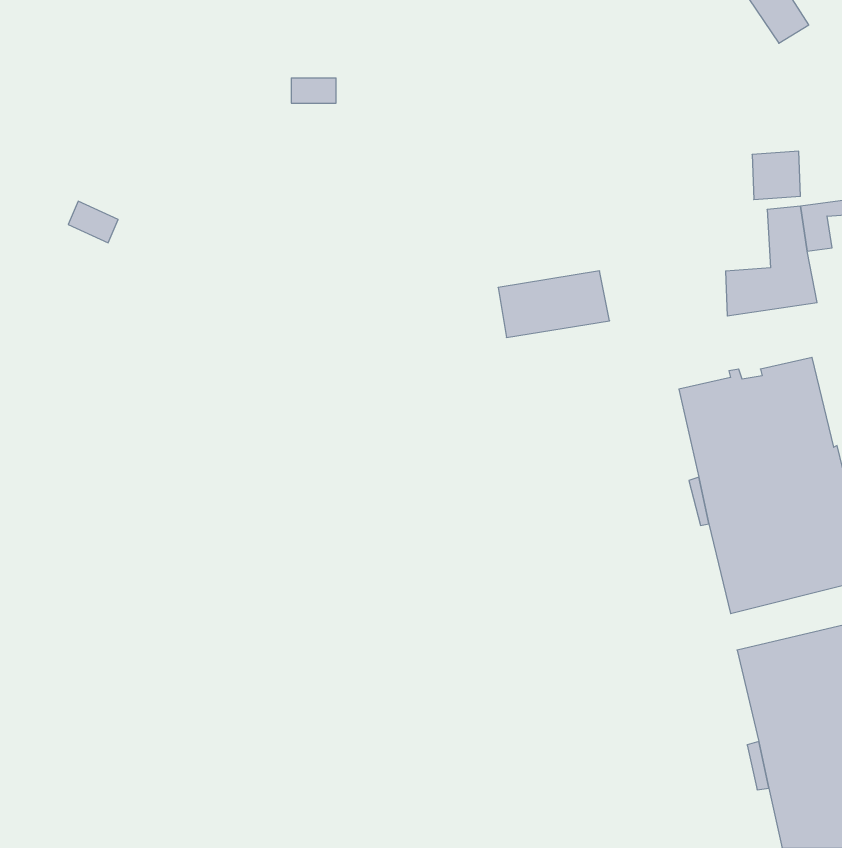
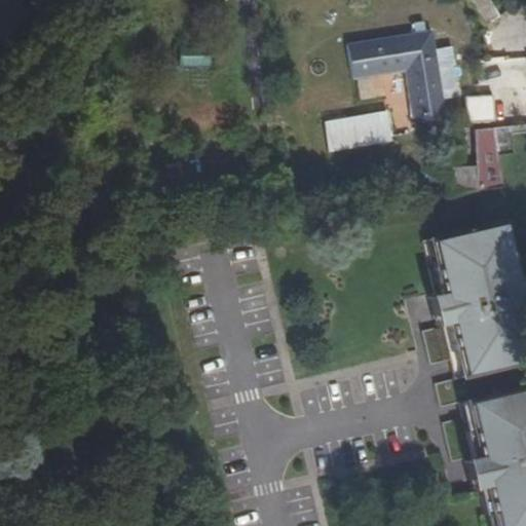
building: none -> [351,30,450,118]
building: [498,271,610,337] -> [328,111,397,152]

